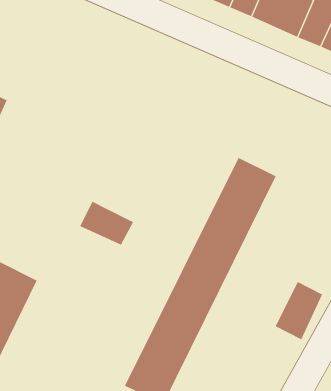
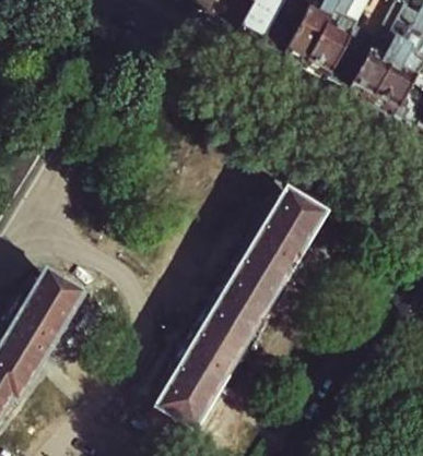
building: [79,201,134,246] -> none
building: [275,281,323,340] -> none

